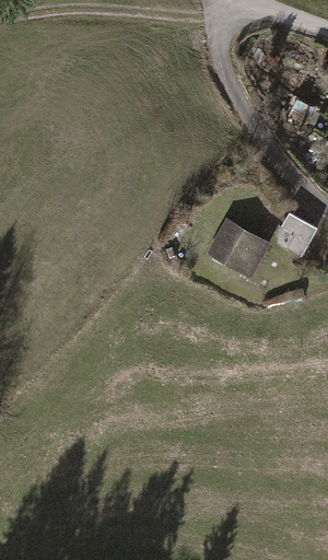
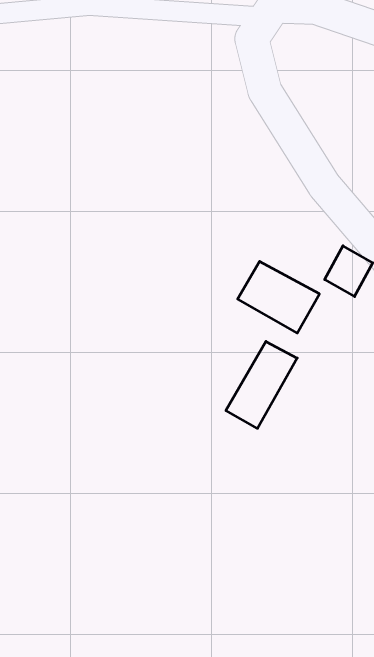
building: none -> [226,341,297,428]

